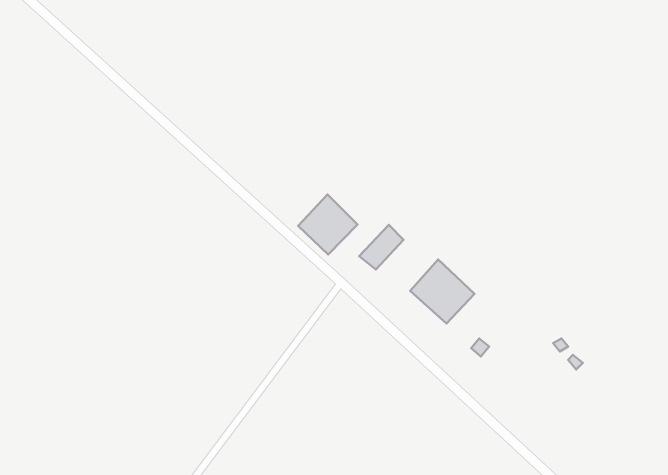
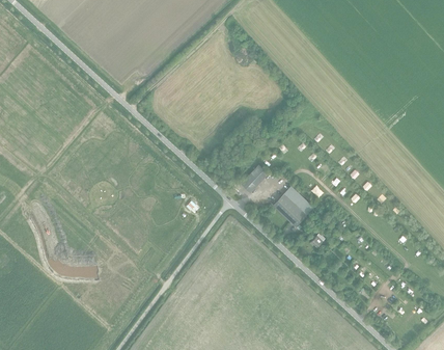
building: [298,195,358,254] -> none

